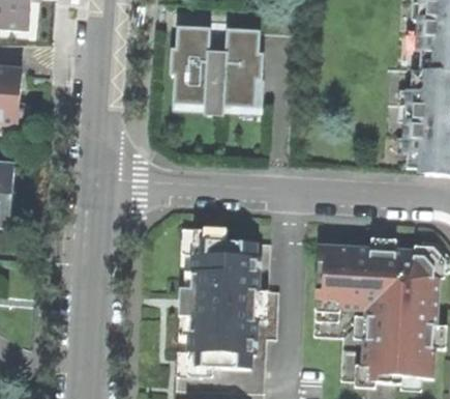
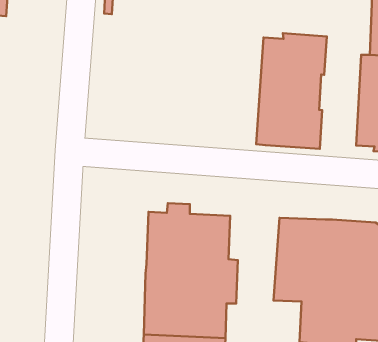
building: [169,24,264,106] -> none
building: none -> [256,33,327,149]

